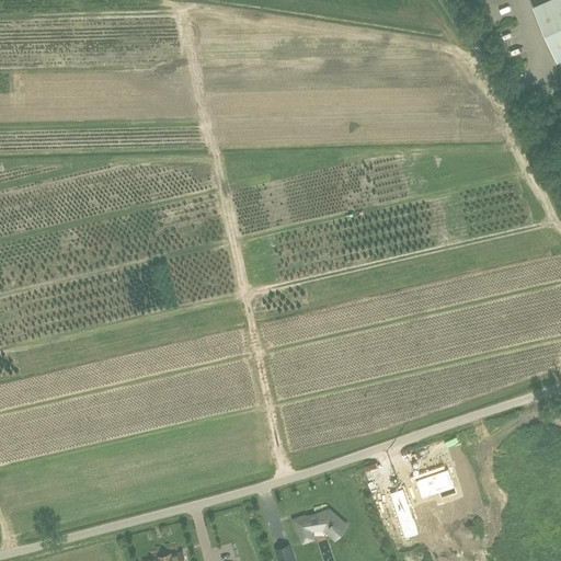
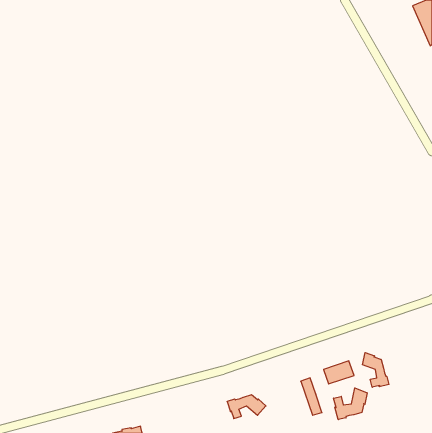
building: none -> [362,353,389,387]
building: none -> [334,388,367,420]

